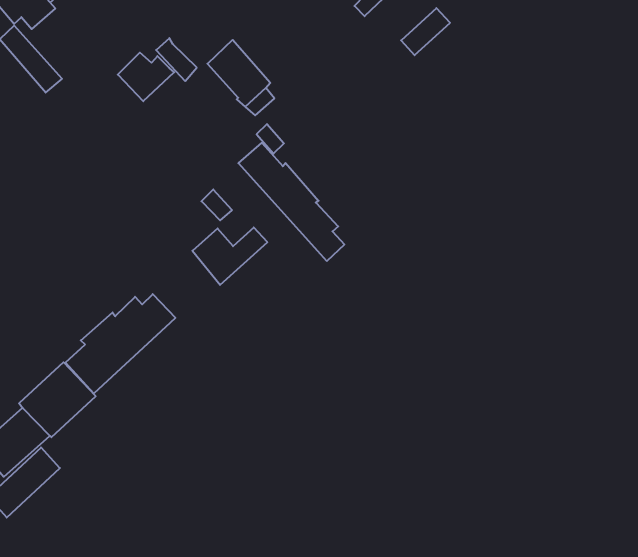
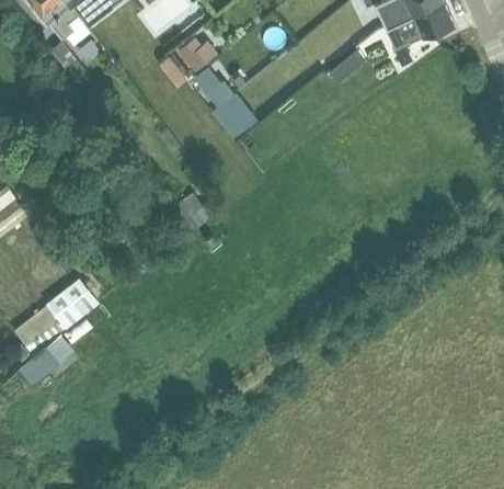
building: [118,53,174,101] -> [177,37,217,71]
building: [238,143,344,261] -> none
building: [66,294,175,394] -> none

